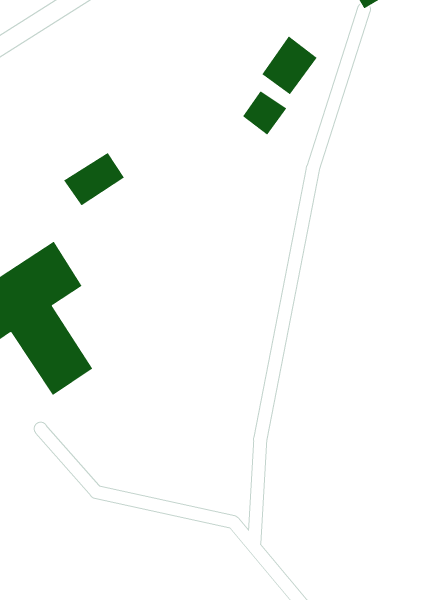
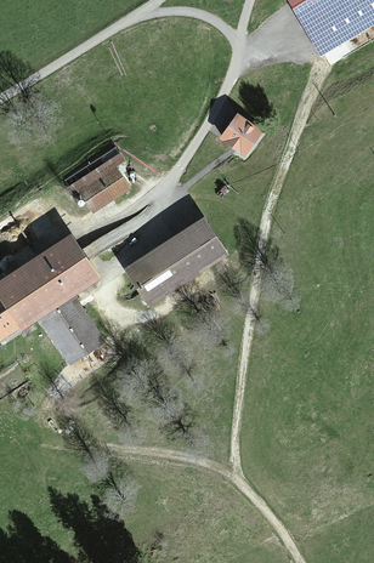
building: [261,36,317,95] -> none
building: none -> [126,218,221,298]

